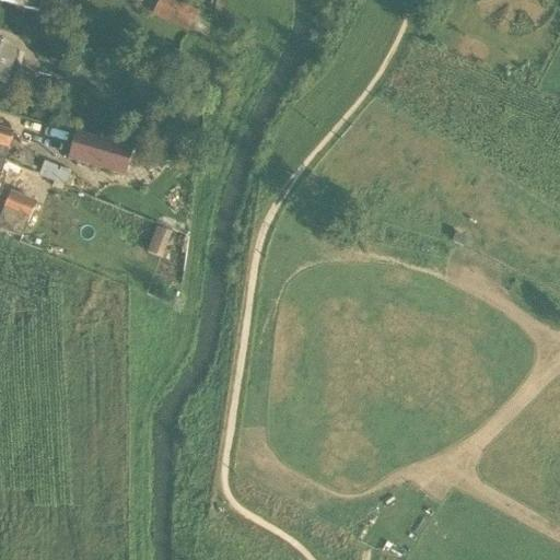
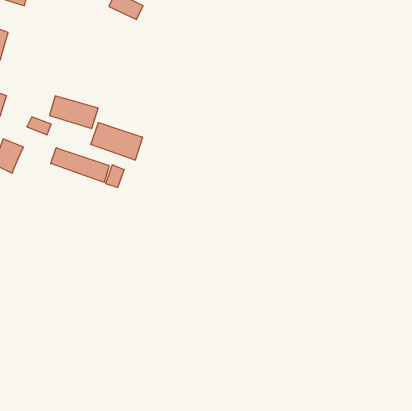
building: none -> [91,123,143,160]
building: none -> [51,148,109,182]

